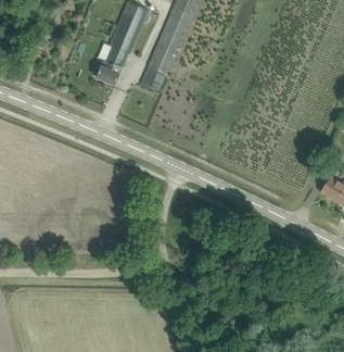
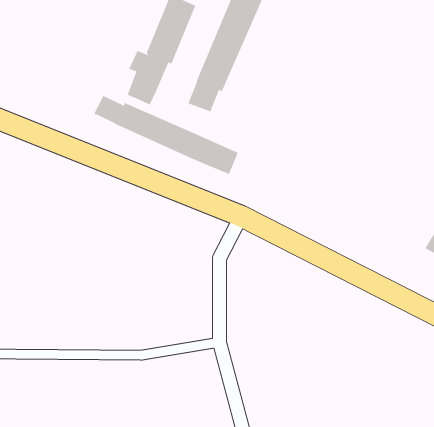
building: none -> [93,95,239,175]

